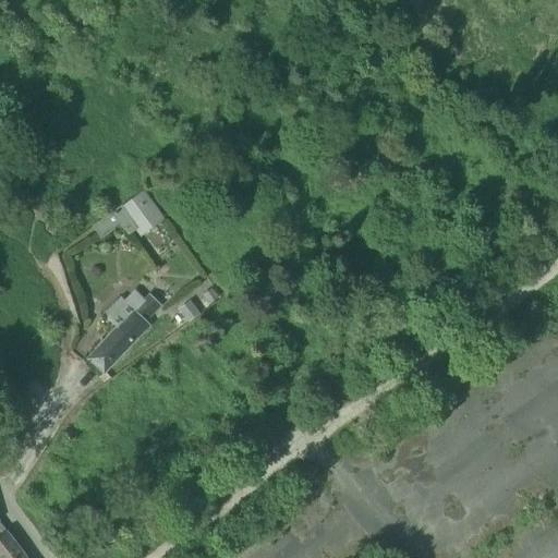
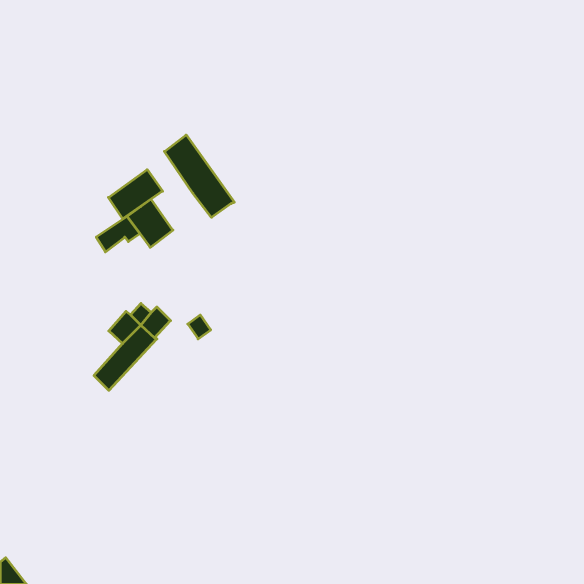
building: none -> [164,135,234,217]
building: none -> [108,170,163,219]

